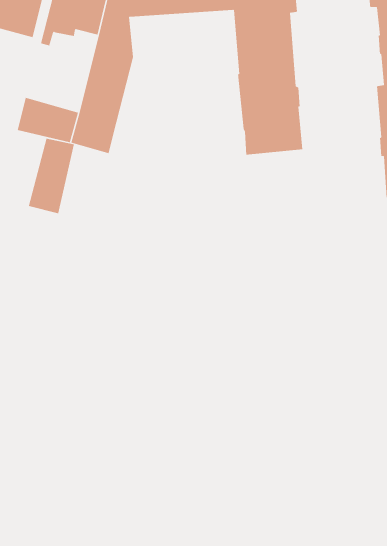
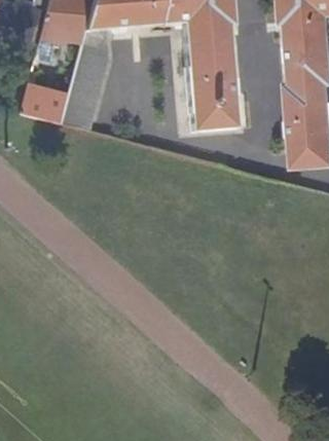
building: [28,138,74,214] -> none

